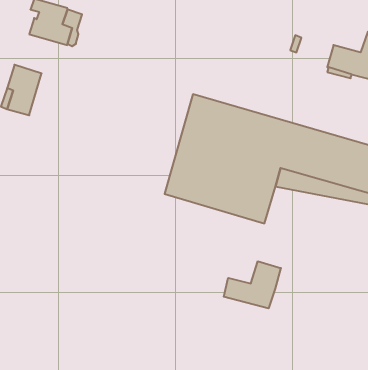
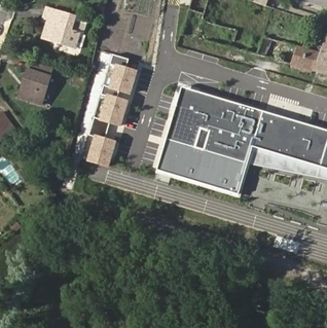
building: none -> [83,53,142,165]
building: [224,261,281,308] -> none

